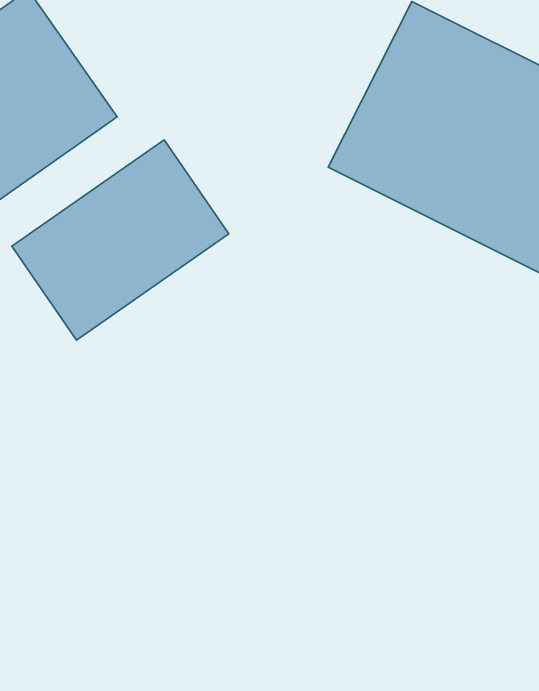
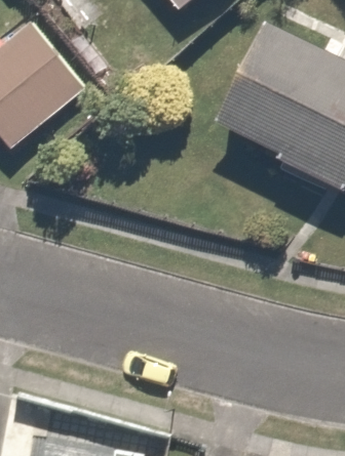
building: [12,140,229,340] -> none

